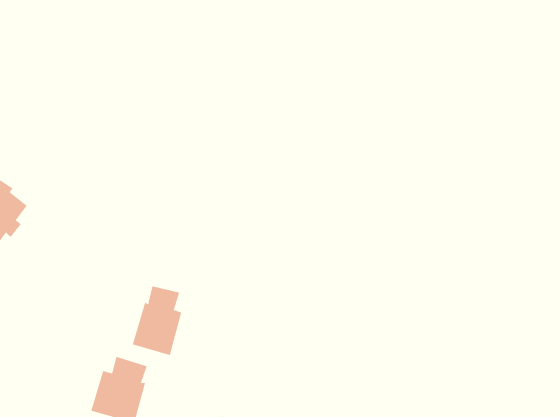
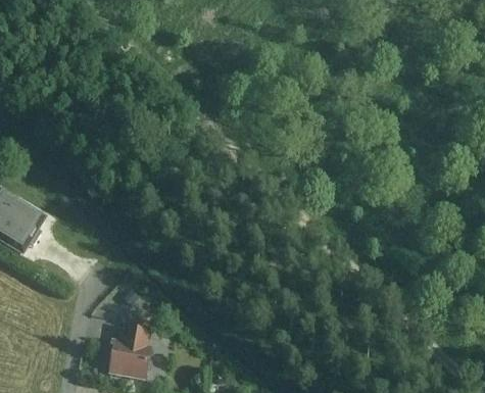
building: [132,285,182,356] -> none

